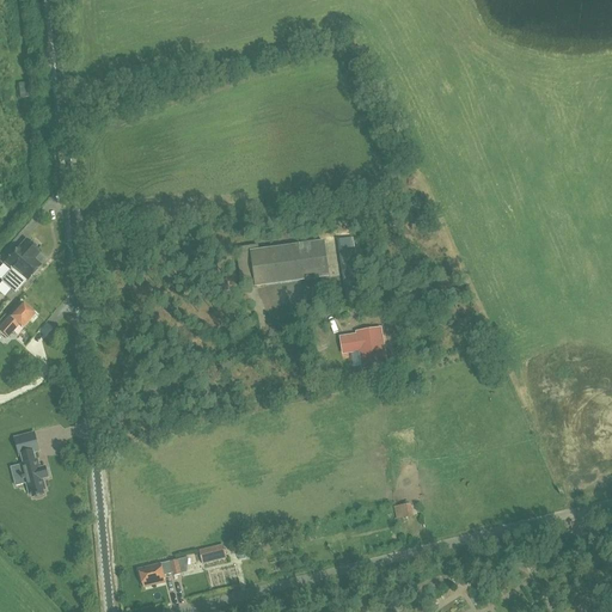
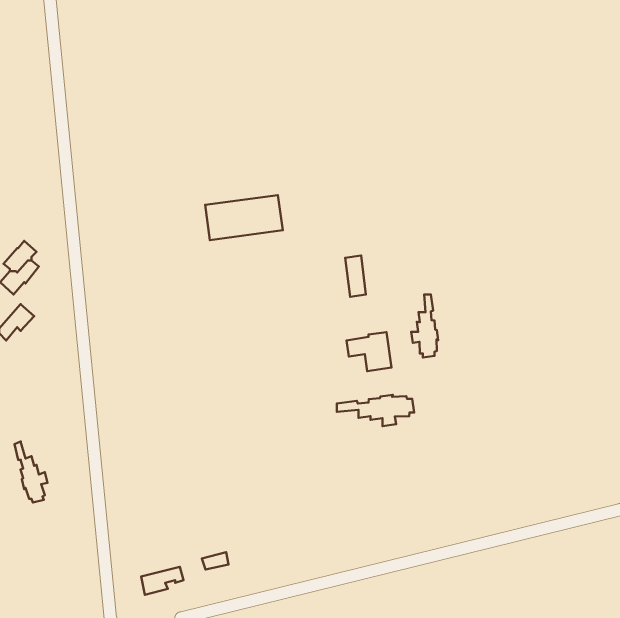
building: [251,239,328,283] -> [205,195,283,240]
building: none -> [411,294,438,357]
building: none -> [337,395,414,426]

